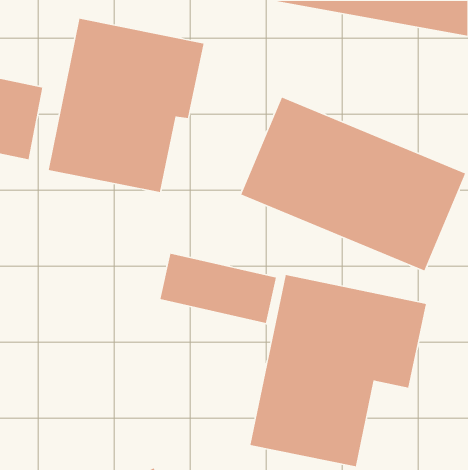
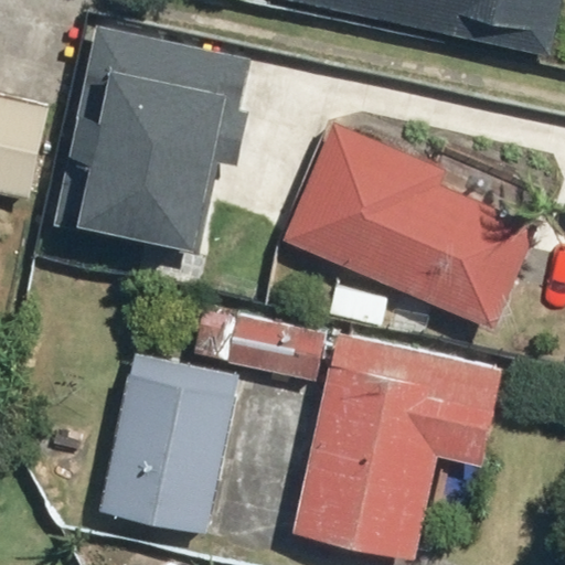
building: none -> [99,358,239,533]

